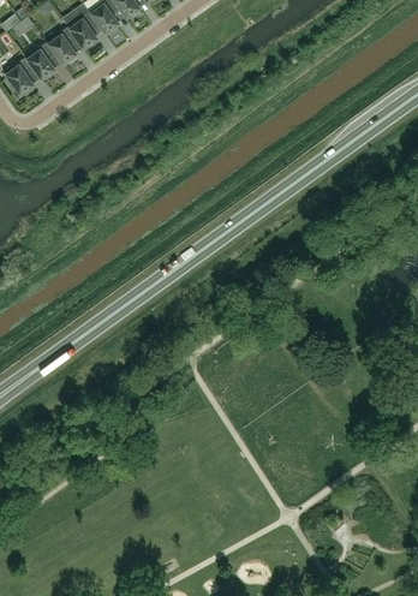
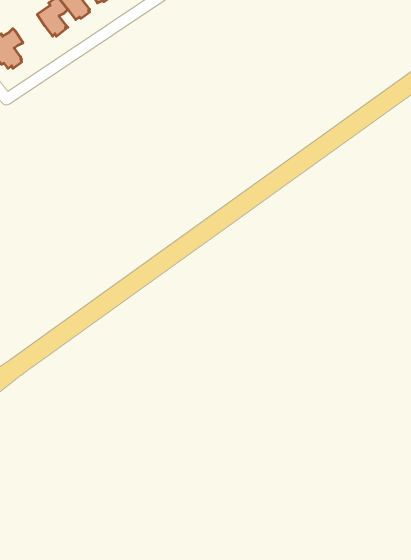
building: [28,41,55,79] -> none

